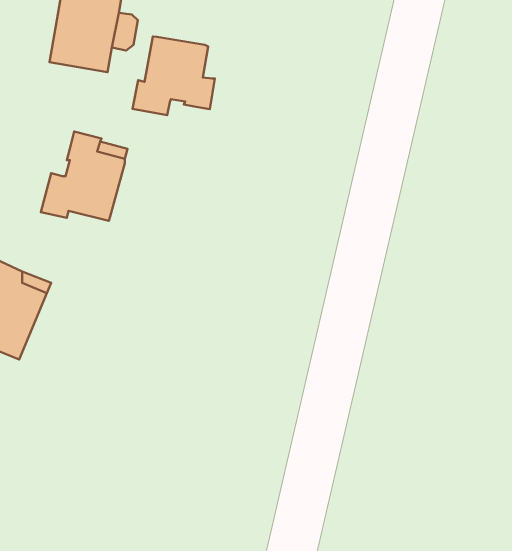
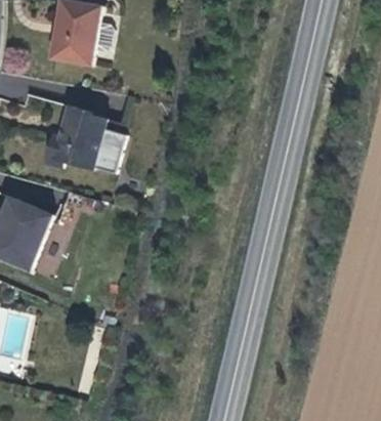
building: [132,37,215,115] -> none
building: none -> [92,129,124,172]

